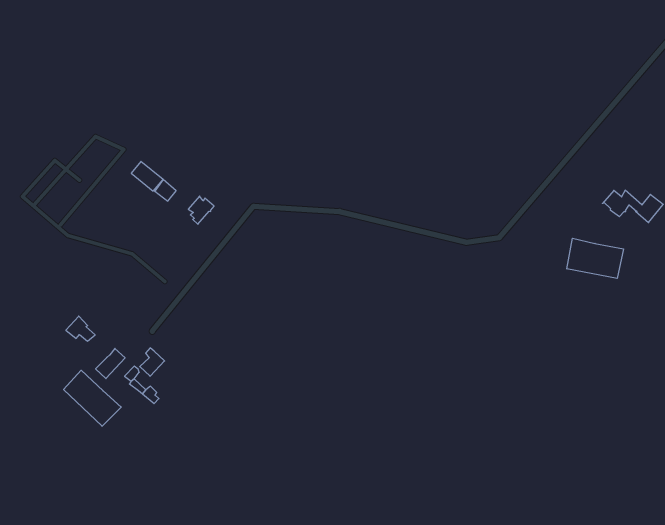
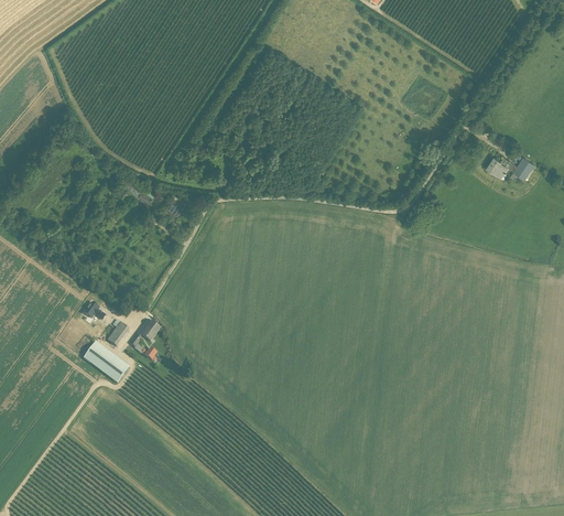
building: [567,238,623,278] -> none

